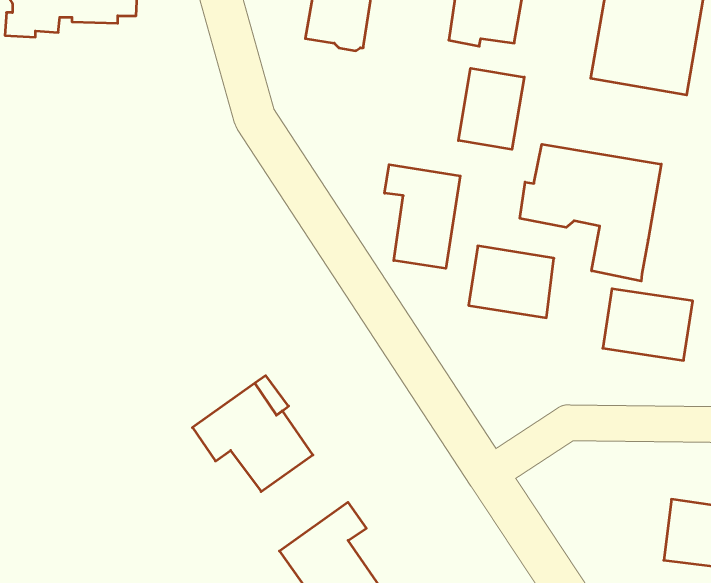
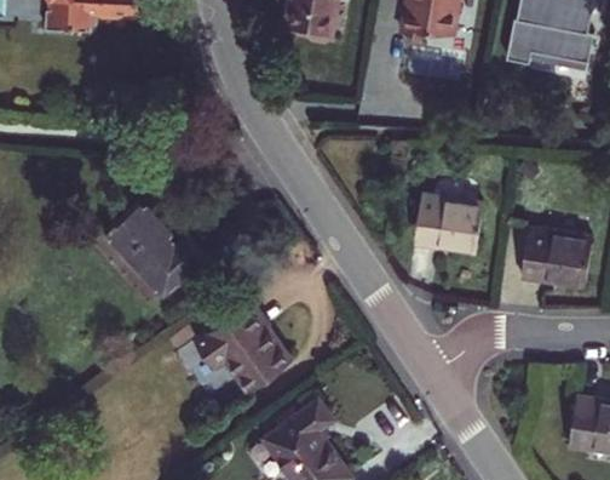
building: [458,68,524,149] -> none
building: [520,144,661,281] -> none
building: [385,165,460,268] -> none
building: none -> [107,200,207,296]

